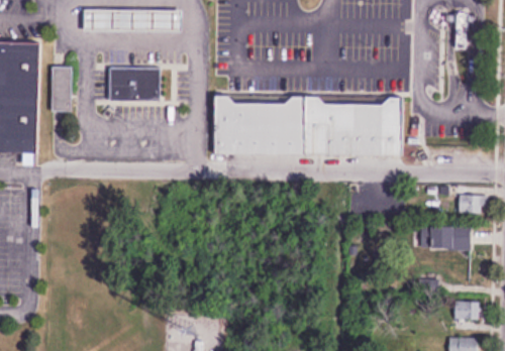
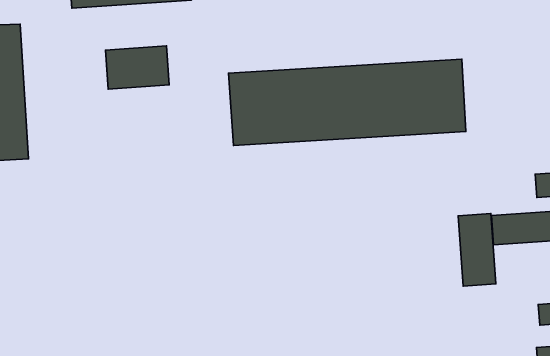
building: [52,69,71,112] -> none
building: none -> [458,213,496,286]

